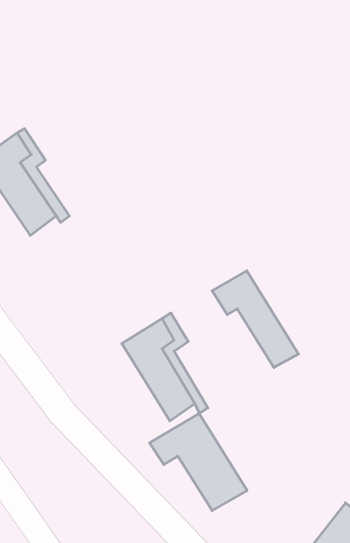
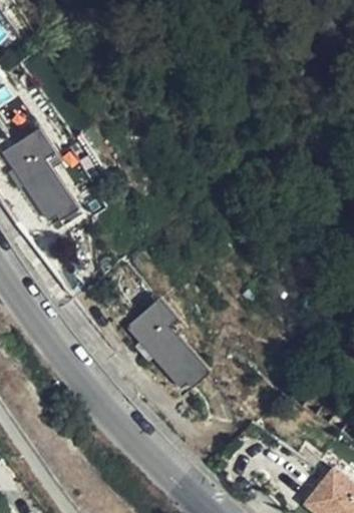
building: [212,271,299,368] -> none
building: [150,413,247,511] -> none

